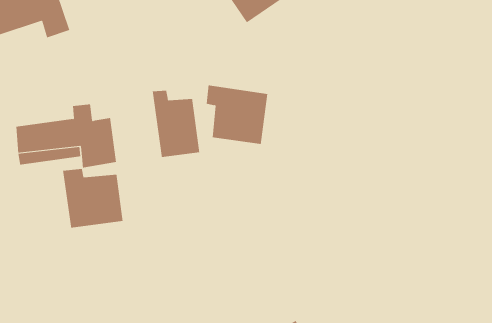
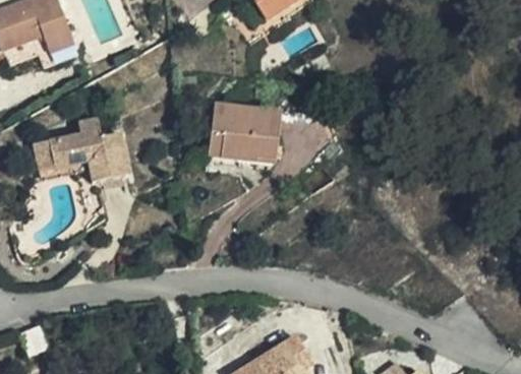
building: [152,90,200,158] -> none
building: [63,168,123,228] -> none

